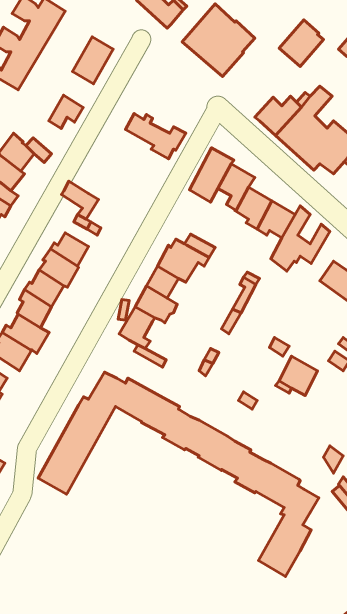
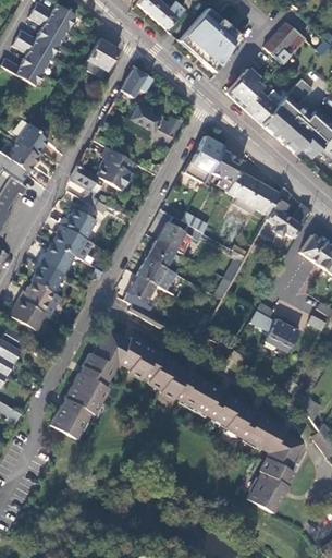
building: none -> [226,69,261,108]
building: [49,95,83,128] -> [121,68,151,97]
building: none -> [96,148,133,190]

